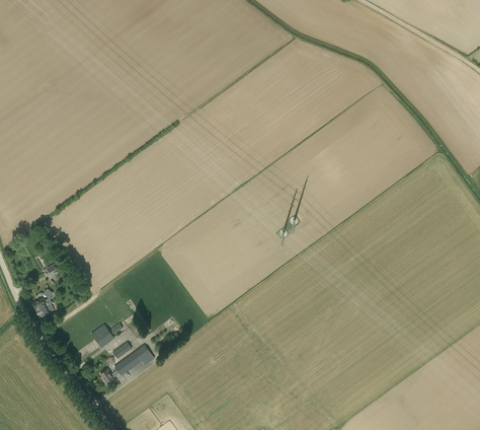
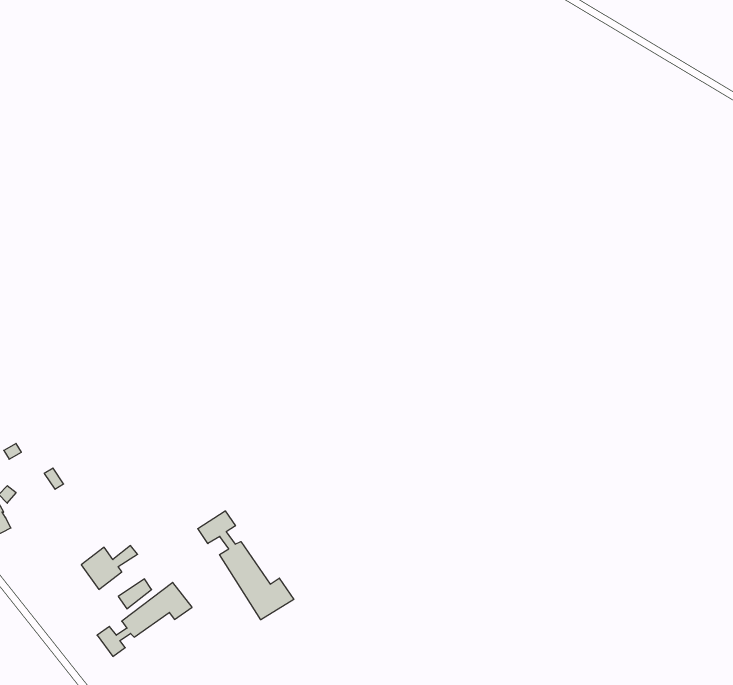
building: none -> [198,511,294,620]

